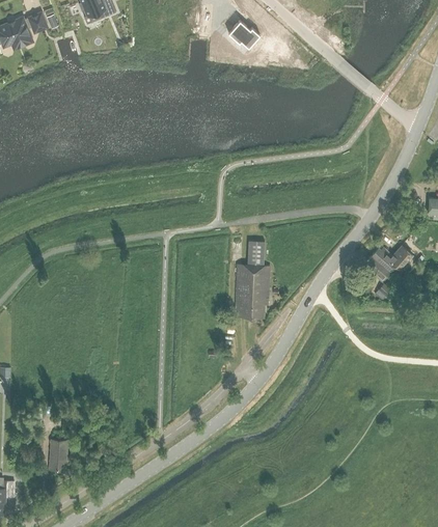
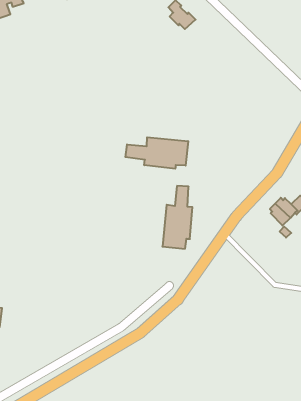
building: none -> [125,137,188,169]
building: [48,440,67,471] -> none

